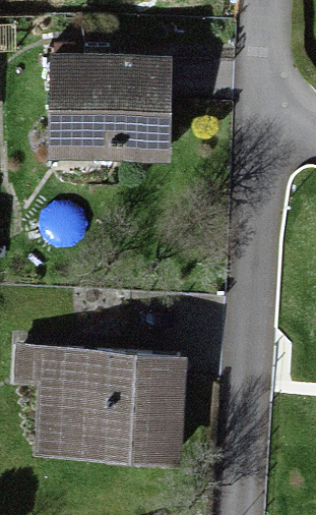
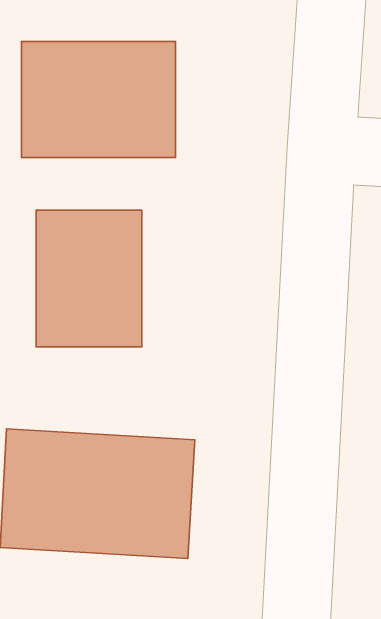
building: none -> [36,210,142,347]

